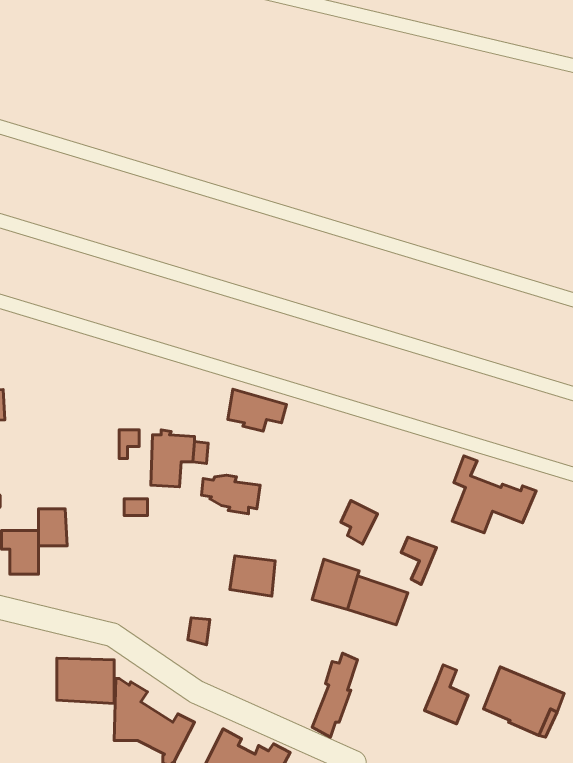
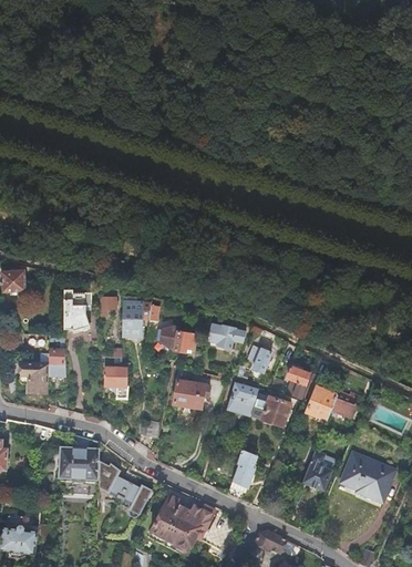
building: [228,389,287,431] -> [206,321,245,349]
building: none -> [63,288,89,324]
building: [452,456,536,533] -> [306,371,361,422]
building: none -> [104,364,127,395]

